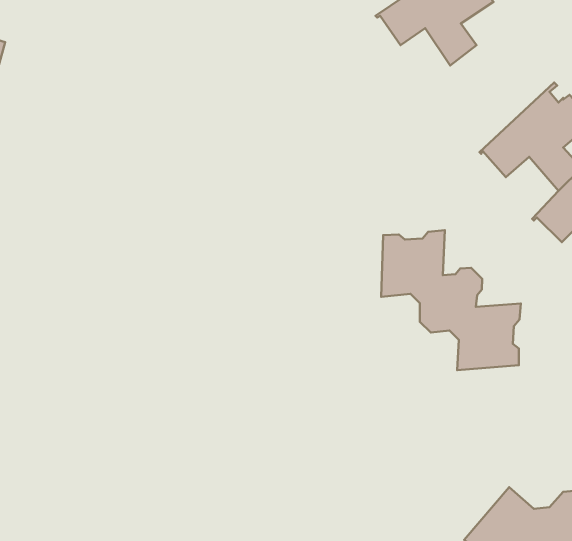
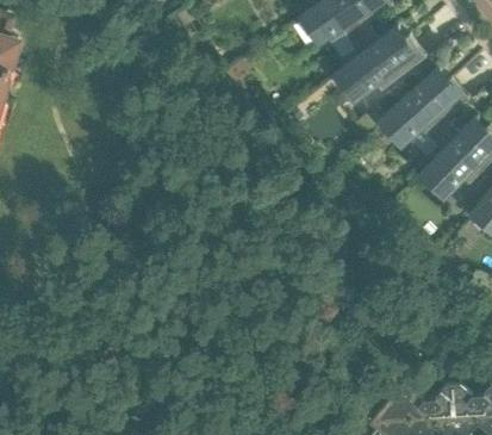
building: none -> [335,29,424,98]
building: [381,230,521,370] -> none

